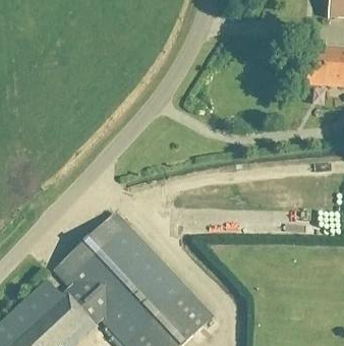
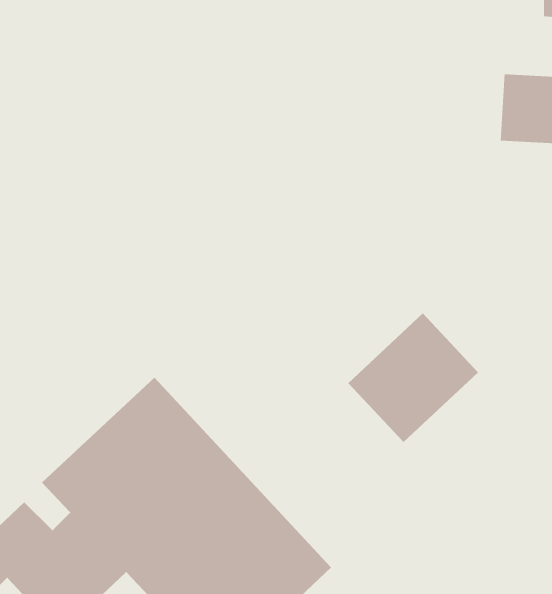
building: none -> [347,313,479,443]

